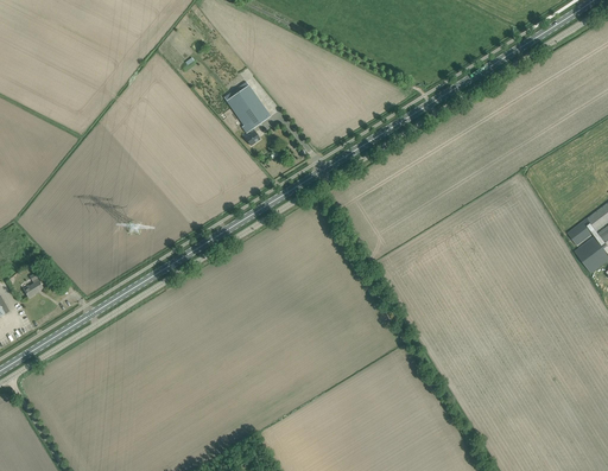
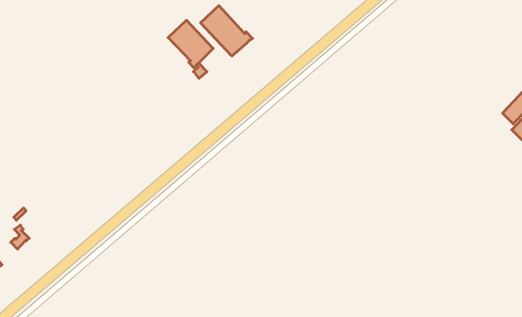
building: none -> [201,6,253,56]

